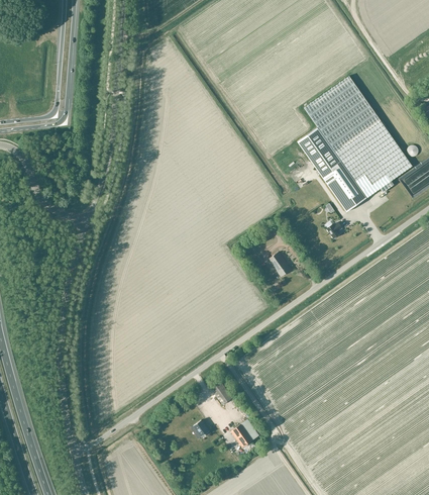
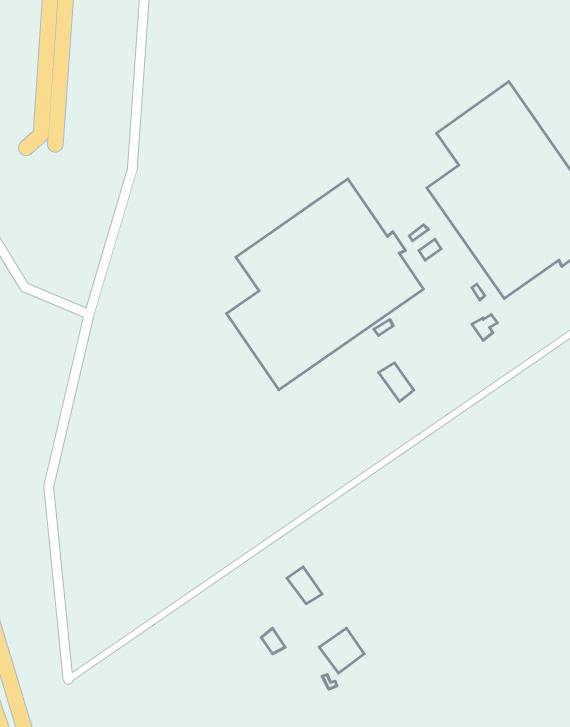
building: none -> [226,179,424,390]

